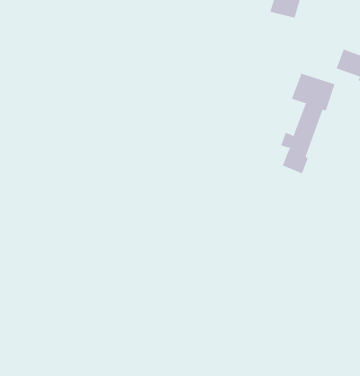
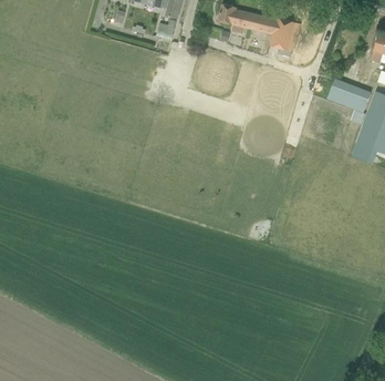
building: [281,73,335,174] -> none

